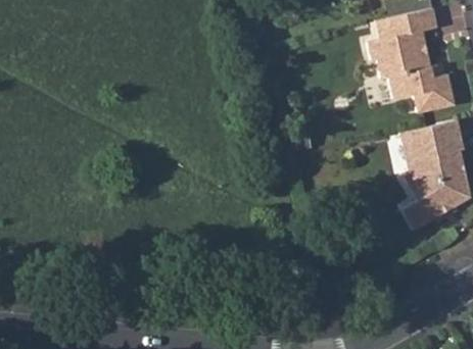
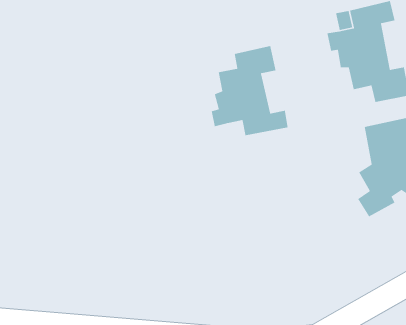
building: none -> [211,45,289,136]

